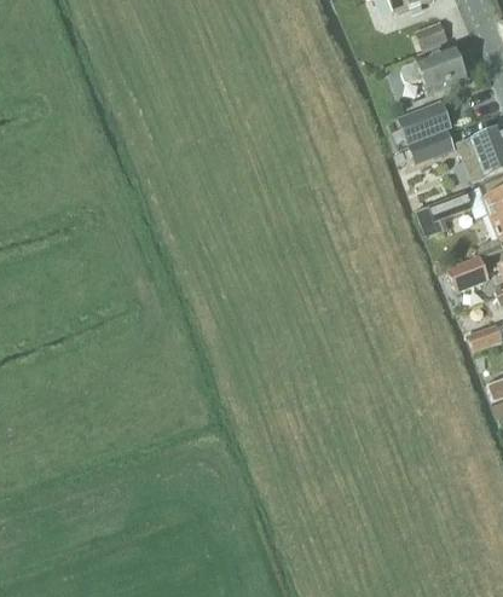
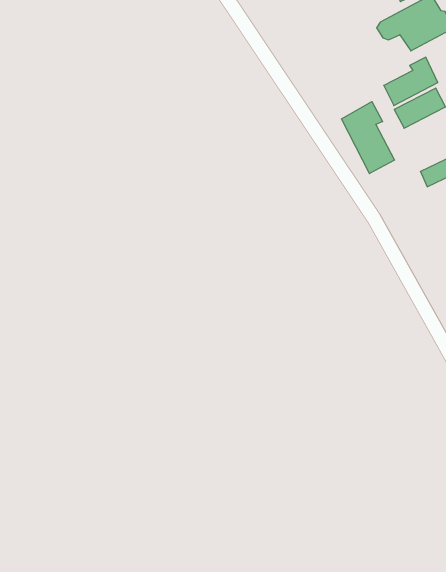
building: none -> [341,102,395,174]

